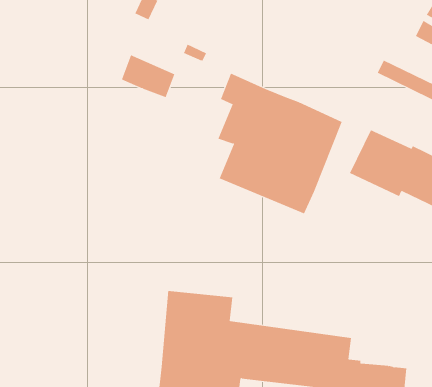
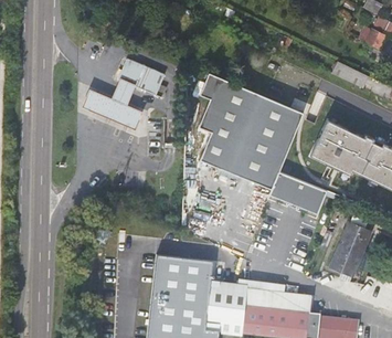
building: none -> [83,80,142,128]
building: none -> [269,172,329,215]
building: none -> [331,223,370,282]

